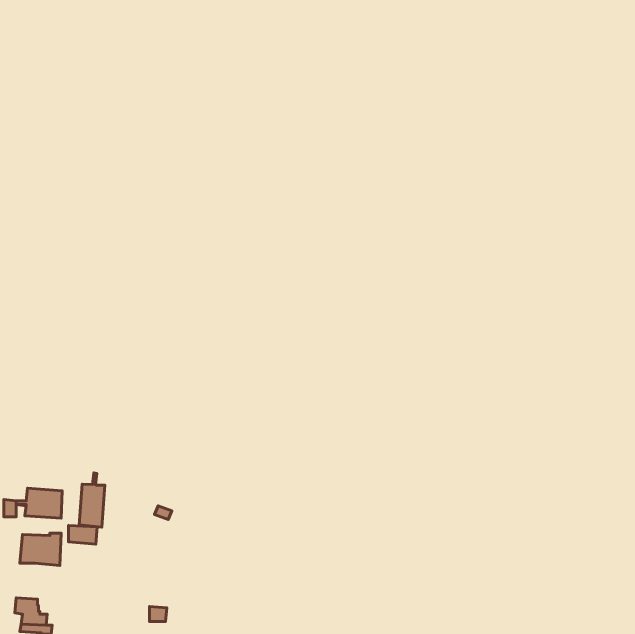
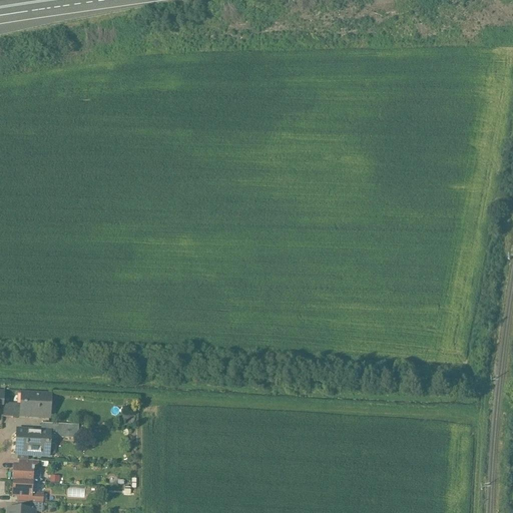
building: [79,473,105,527] -> none
building: none -> [14,459,39,482]

